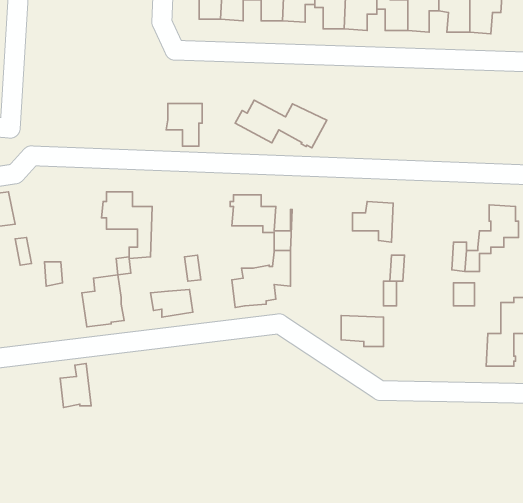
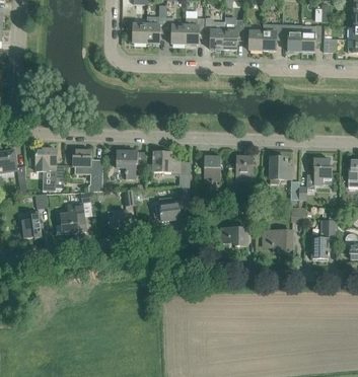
building: [235,100,327,148] -> none
building: [166,104,202,146] -> [116,151,138,177]
building: none -> [35,149,64,187]
building: none -> [204,155,221,181]
building: none -> [270,157,291,183]
building: none -> [264,230,293,253]
building: [60,363,91,407] -> [22,211,42,238]

